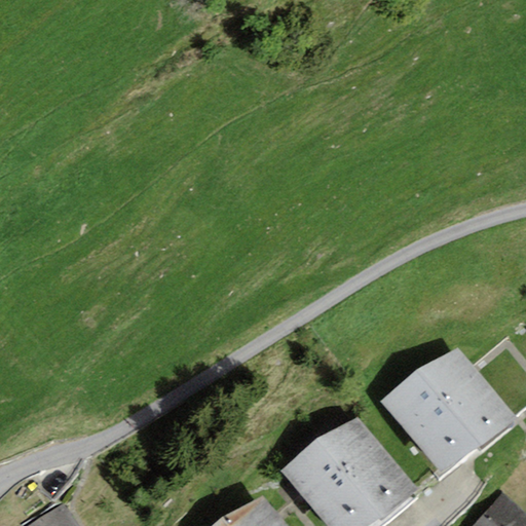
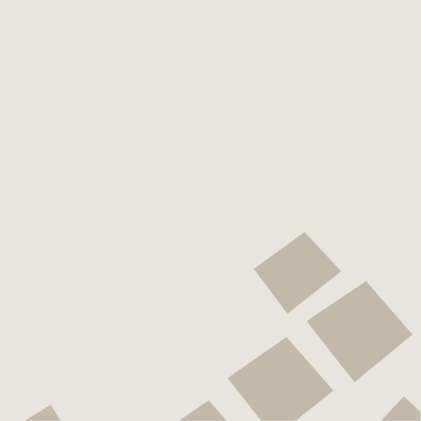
building: none -> [253,231,342,315]

